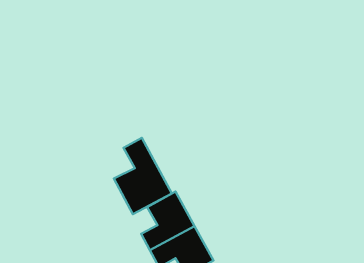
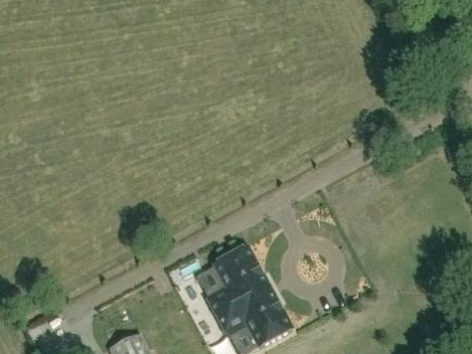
building: [114,138,172,214] -> none

